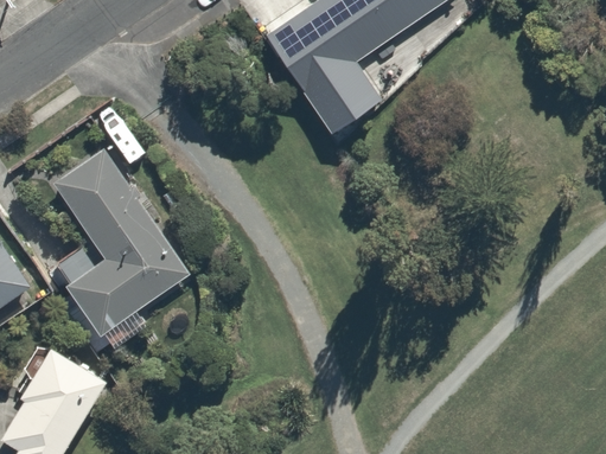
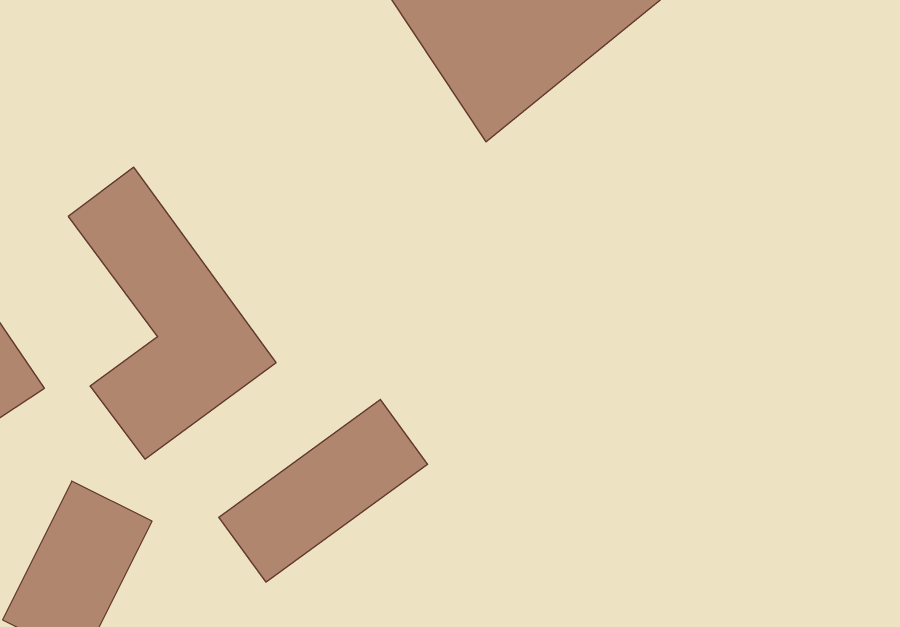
building: none -> [219,399,428,582]

